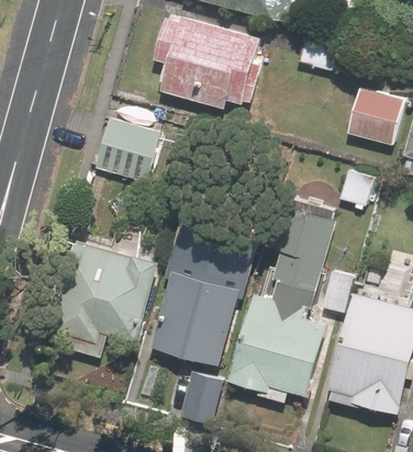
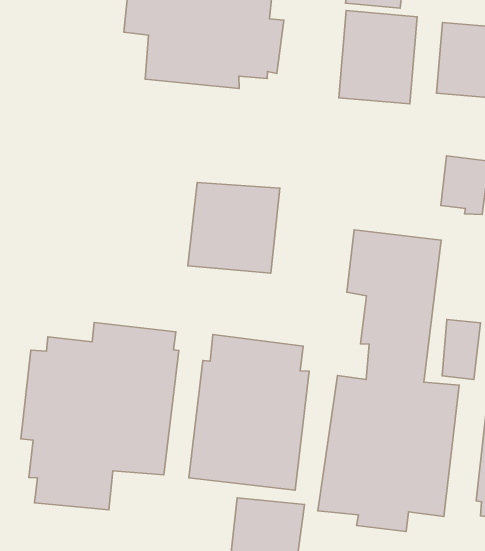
building: none -> [339,11,417,104]
building: [94,117,160,182] -> [188,182,280,273]

